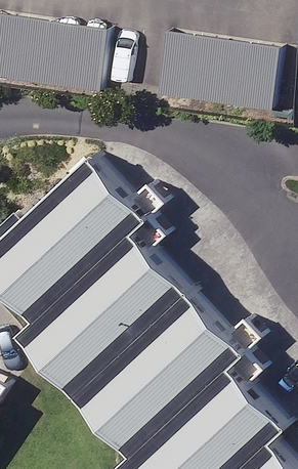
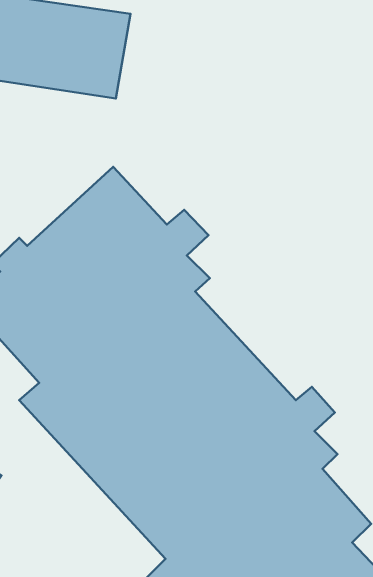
building: [150,39,273,121] -> none

